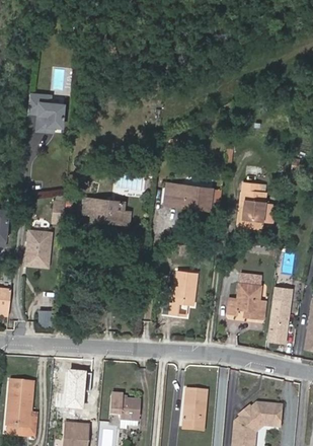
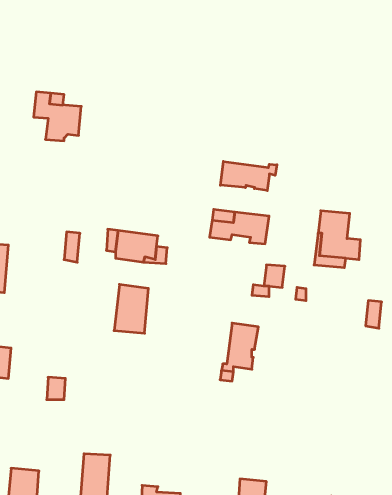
building: none -> [220,161,277,191]
building: [24,228,51,266] -> [114,284,148,333]
building: [231,284,264,318] -> none
building: [270,287,296,342] -> none

